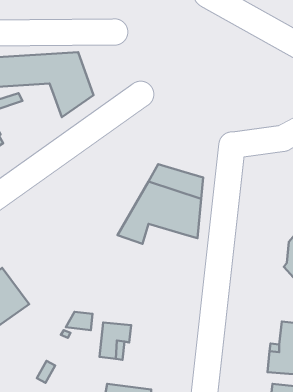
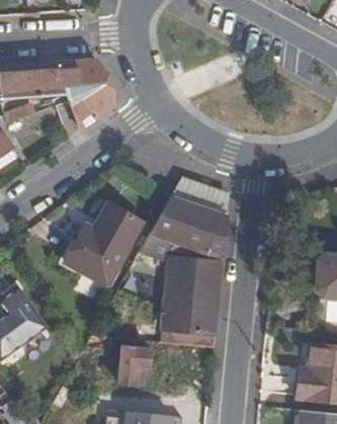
building: none -> [66,203,142,282]
building: none -> [162,258,222,336]

